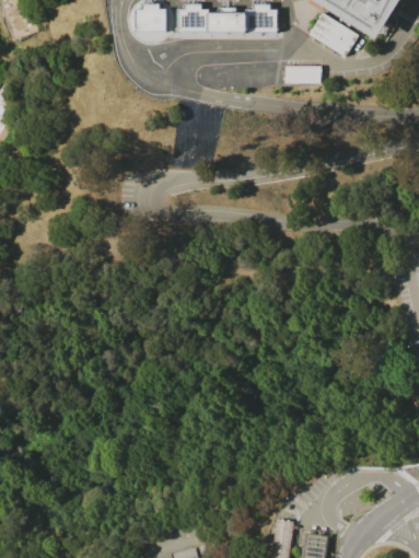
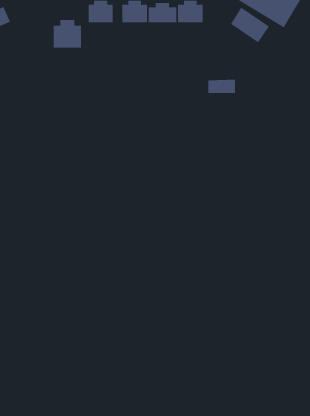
building: none -> [53,19,81,49]
building: [284,66,319,83] -> [208,79,236,93]

